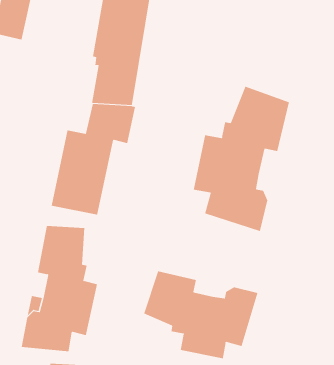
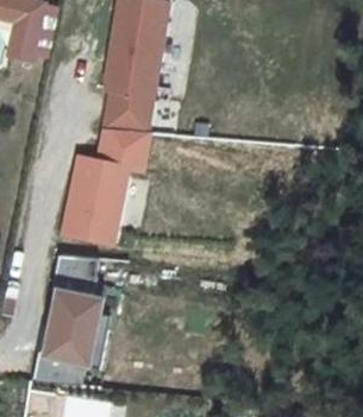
building: [193,86,289,232] -> none
building: [144,270,258,359] -> none

